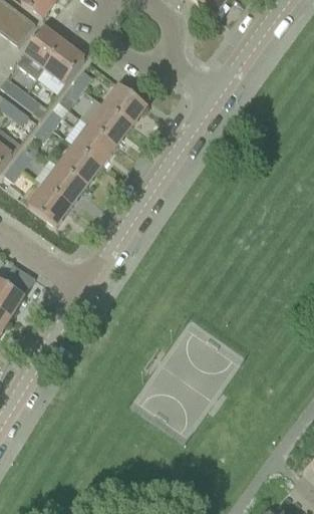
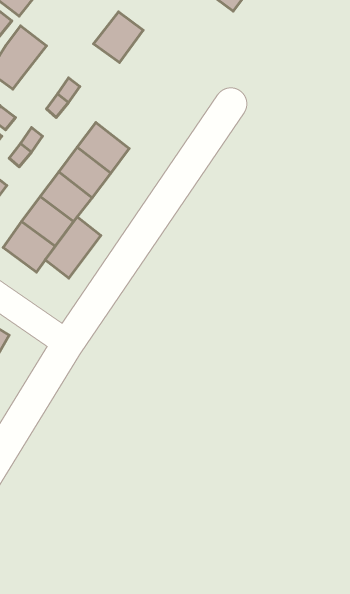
building: [43,42,83,83] -> [94,12,143,62]
building: [103,84,146,125] -> none
building: none -> [45,217,101,278]

